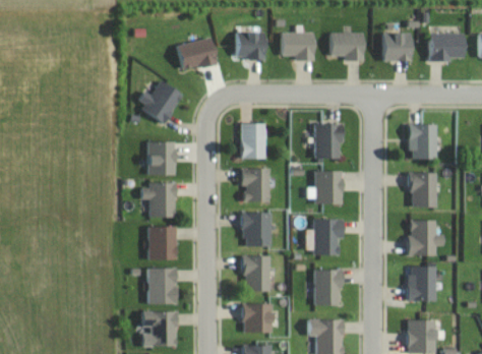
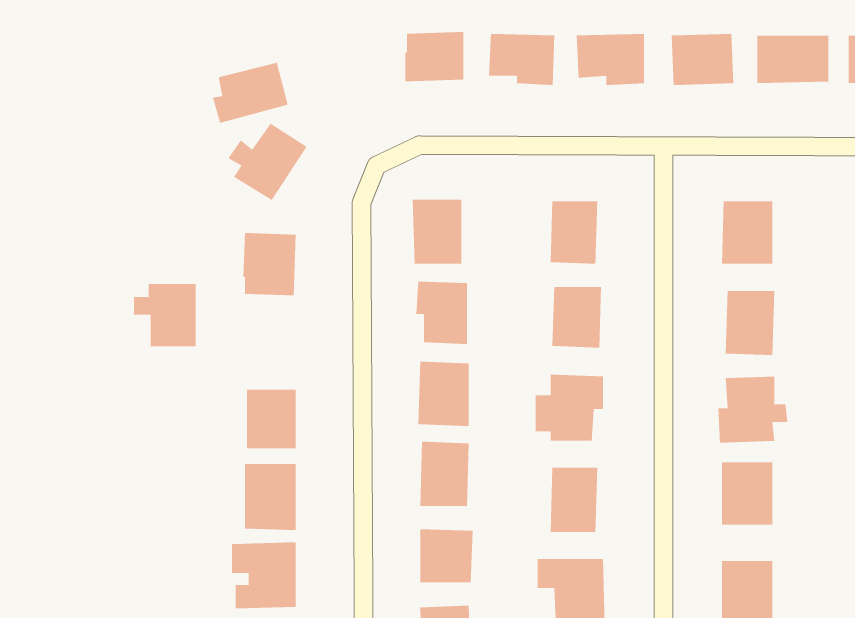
building: [177,38,219,71] -> [212,62,289,124]
building: [141,182,176,217] -> [133,284,196,347]

